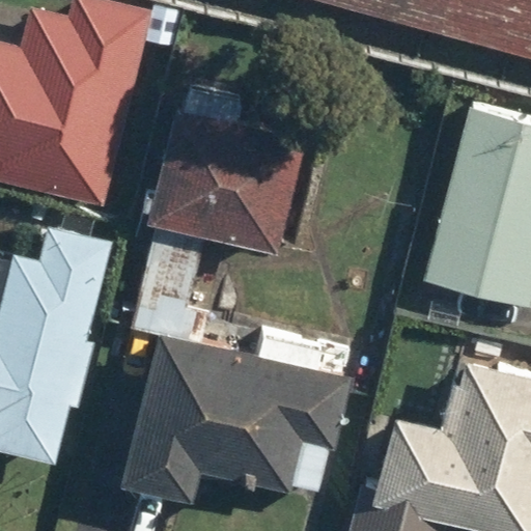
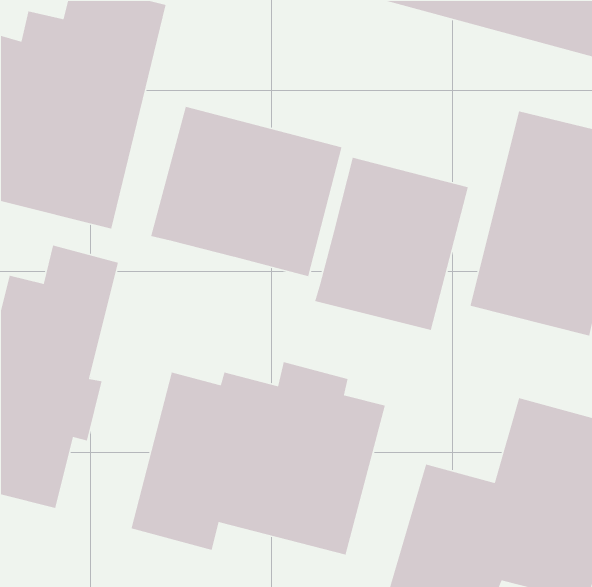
building: none -> [314,157,469,331]

